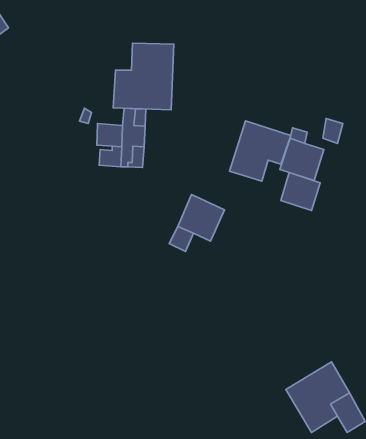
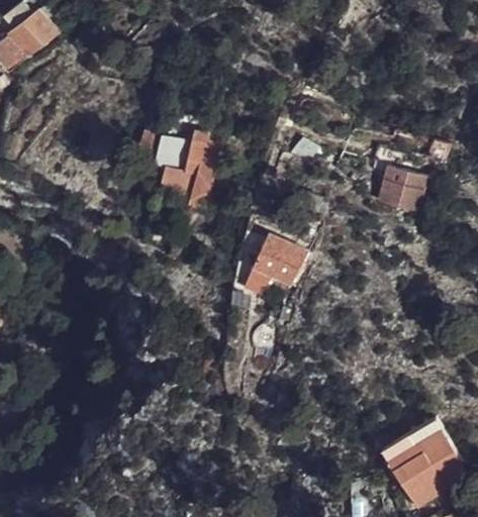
building: [113,43,174,110] -> none
building: [229,121,291,181] -> none
building: [281,172,320,210] -> none

